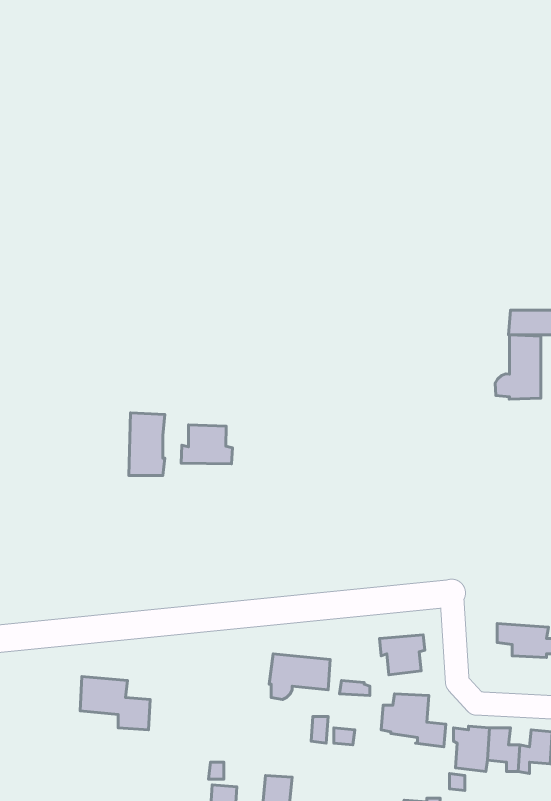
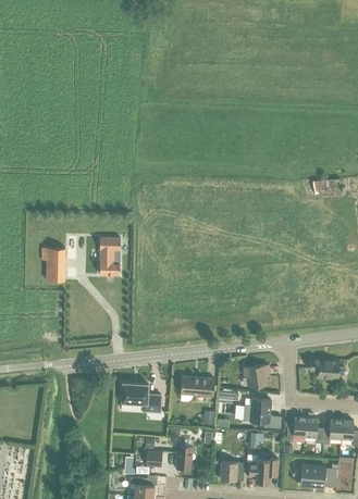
building: [495,335,541,399] -> none
building: [181,425,232,464] -> none
building: none -> [40,247,64,279]
building: [80,677,150,730] -> [121,382,161,412]

